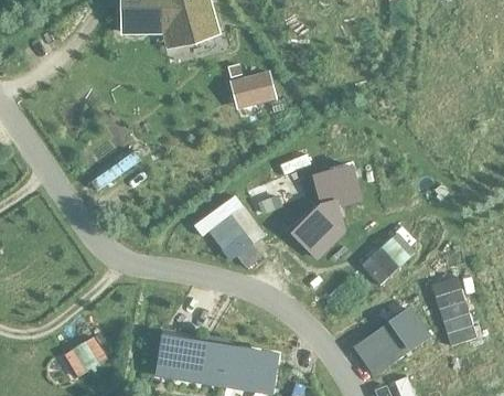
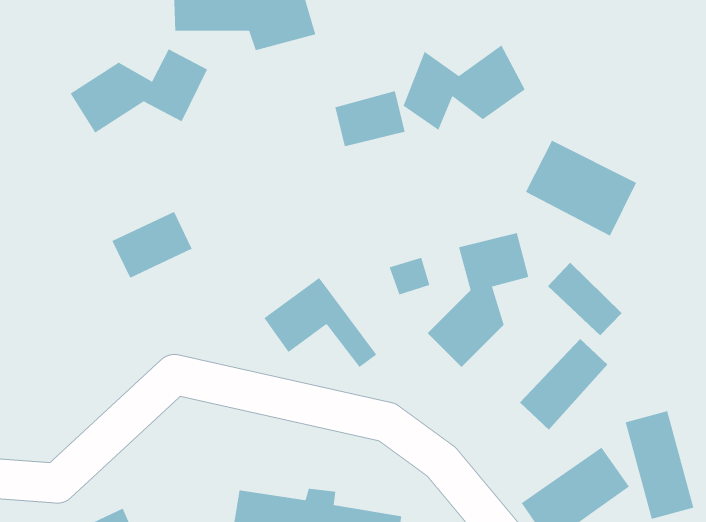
building: none -> [403,45,525,131]
building: none -> [70,49,208,133]
building: none -> [525,140,637,237]
building: none -> [547,262,622,336]

